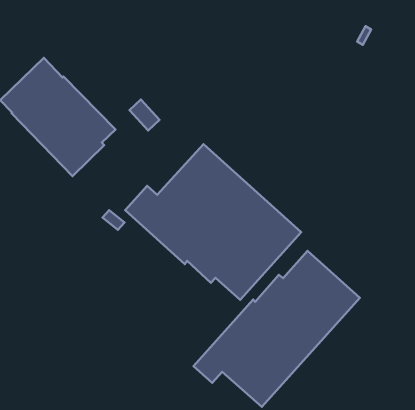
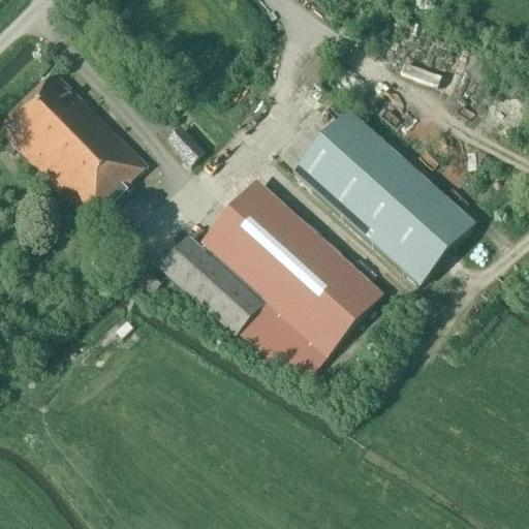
building: none -> [292,101,477,277]
building: [194,251,360,407] -> none

